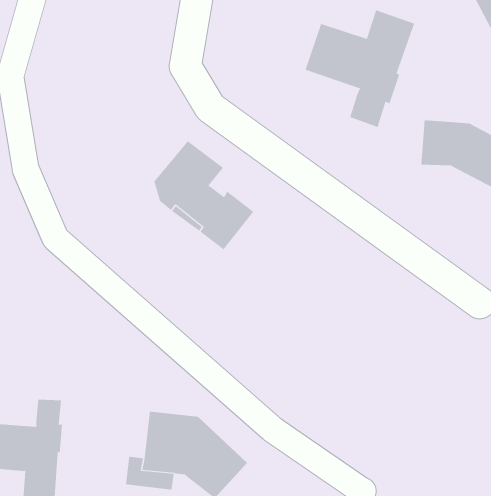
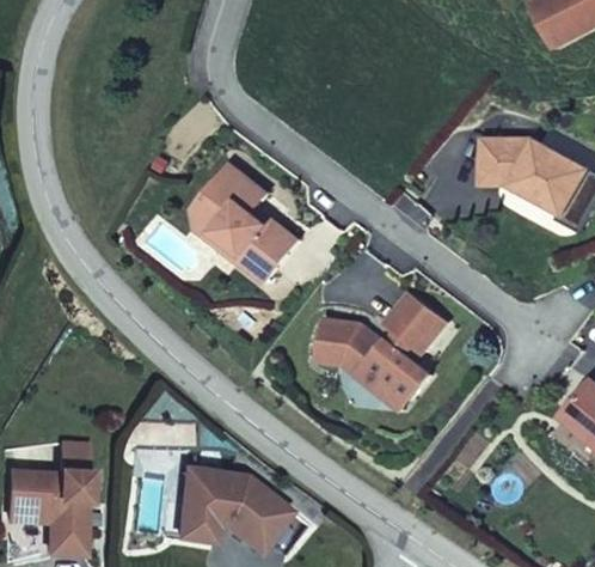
building: [305,10,415,128] -> none
building: none -> [319,295,448,411]

